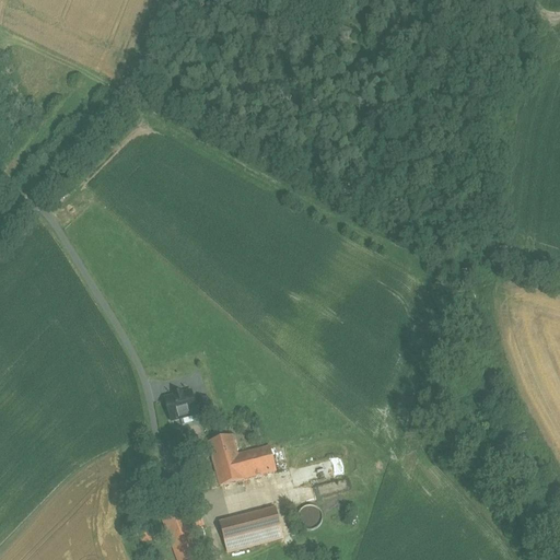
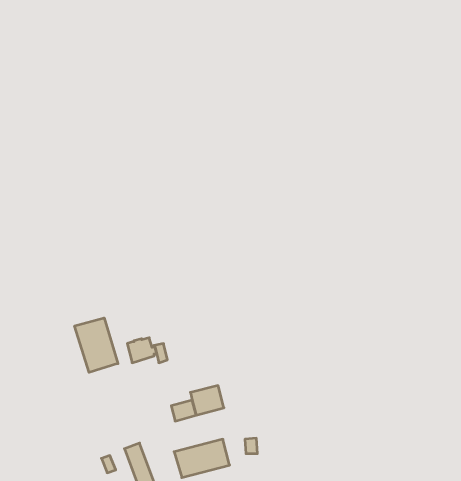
building: none -> [75,318,118,372]
building: [208,433,240,467] -> none

